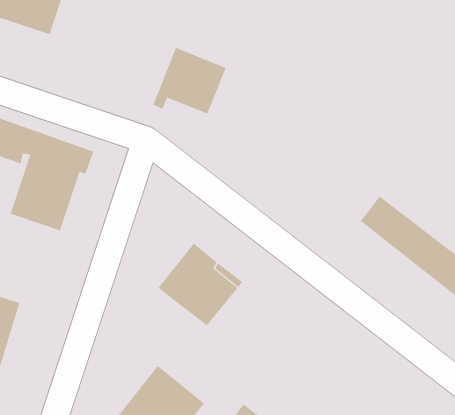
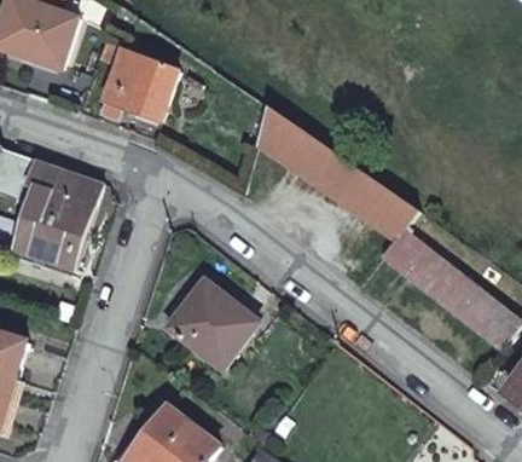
building: [152,47,226,114] -> [101,52,179,122]
building: none -> [257,109,419,239]

